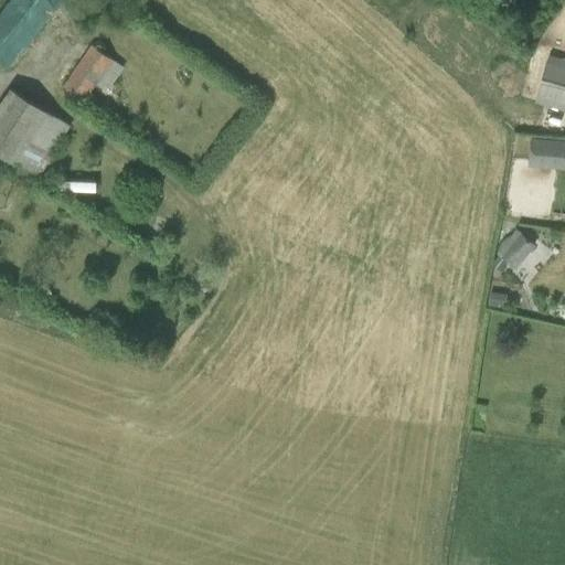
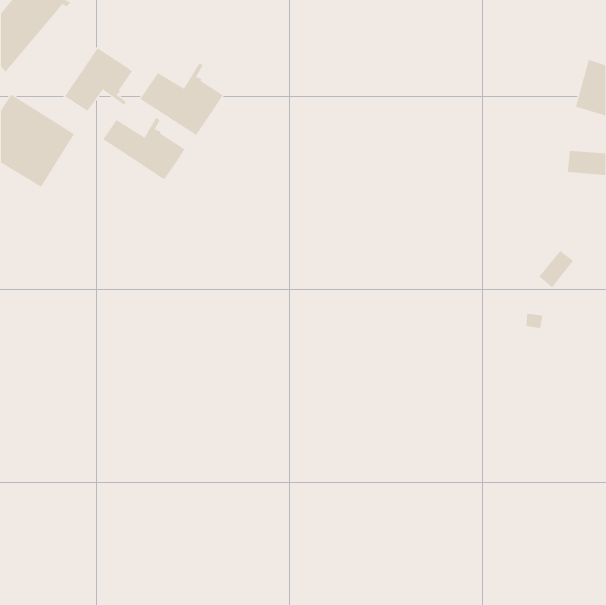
building: none -> [140,62,223,136]
building: none -> [102,117,185,180]

